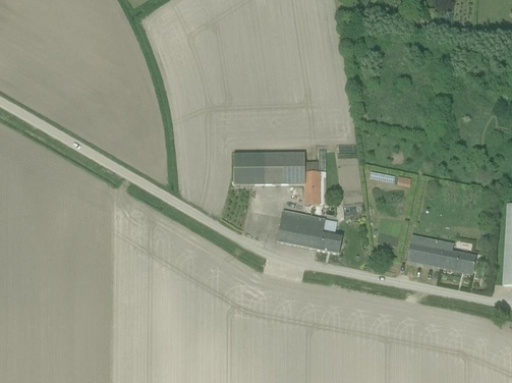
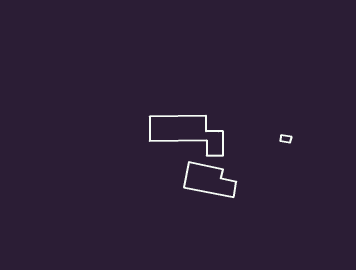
building: [406,235,474,274] -> none

